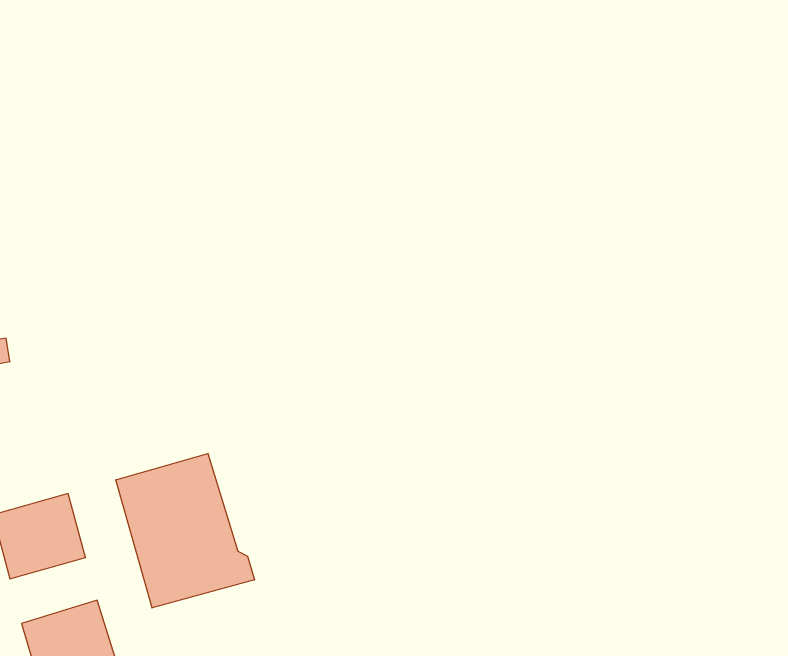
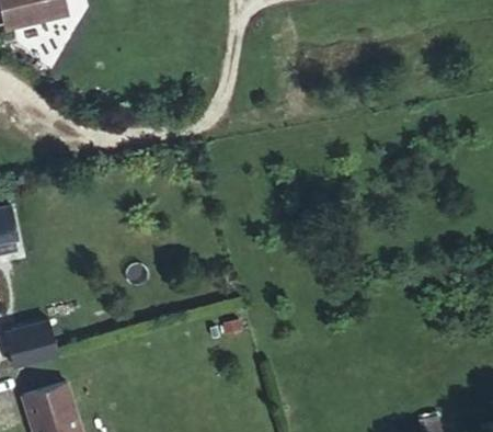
building: [116,453,254,608] -> none

